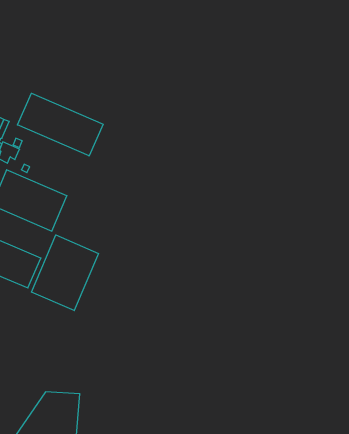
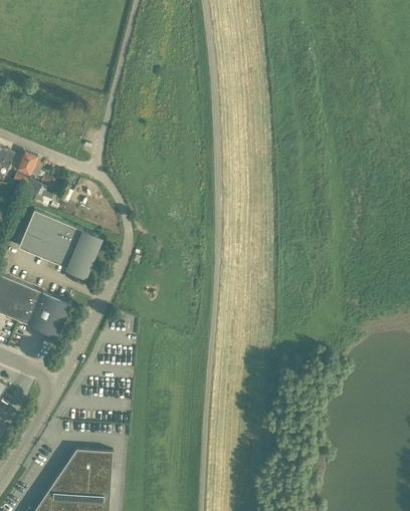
building: [17,93,103,156] -> none
building: [32,235,99,311] -> none

